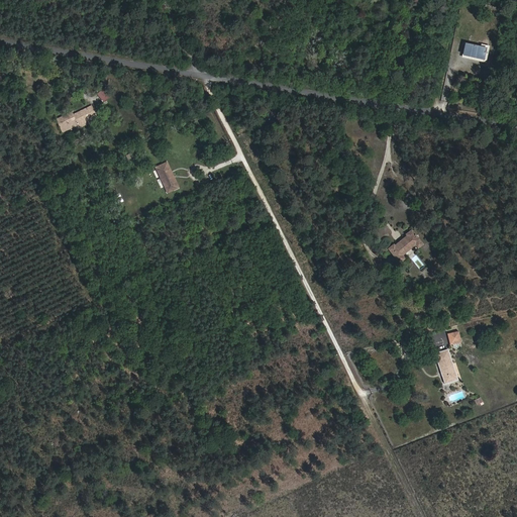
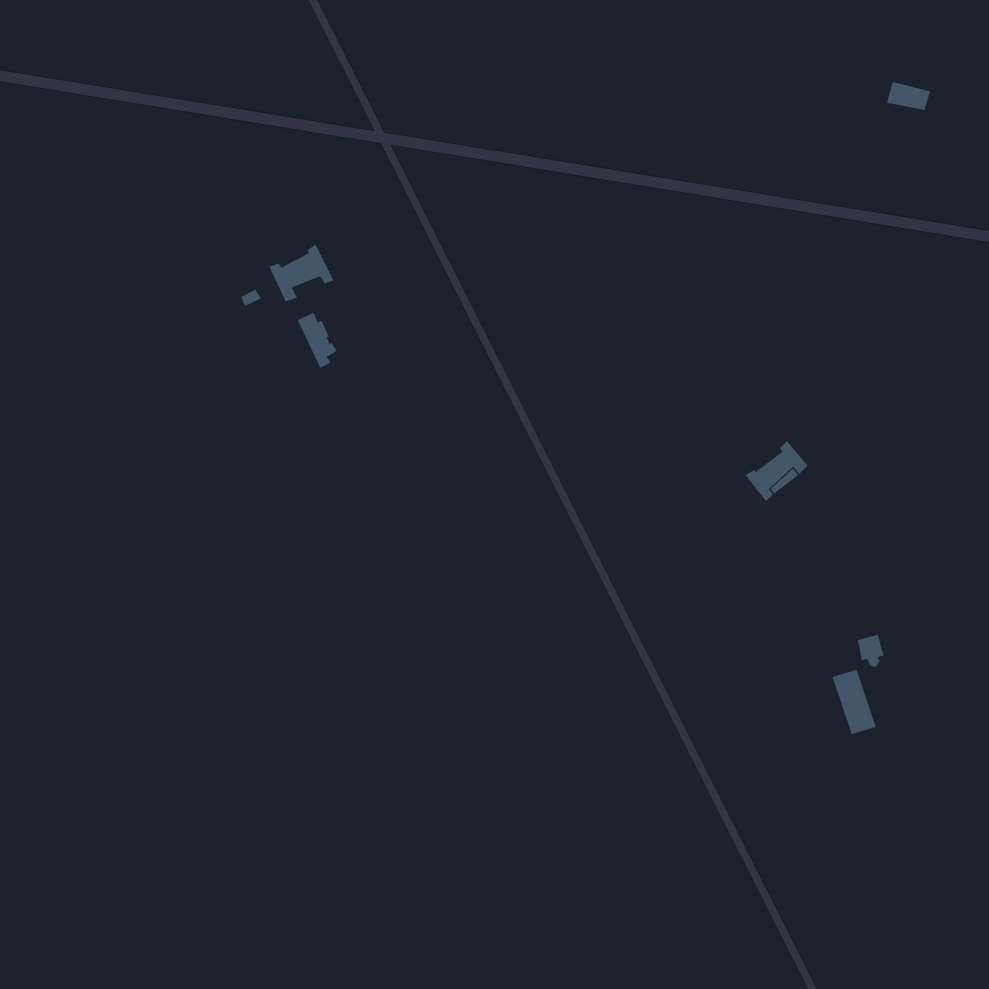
building: [56,105,96,131] -> none
building: none -> [269,244,334,302]

